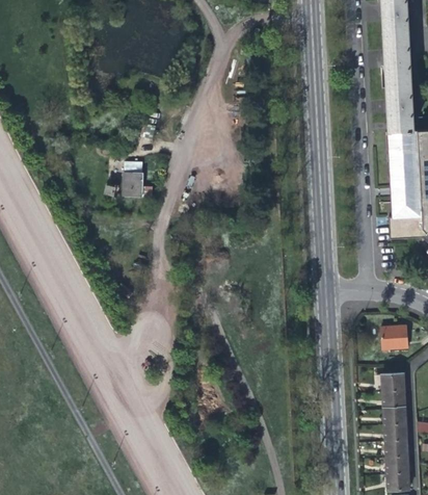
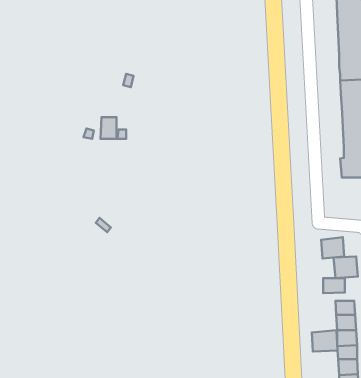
building: none -> [321,237,344,258]
building: none -> [323,278,345,293]
building: none -> [312,330,337,352]

